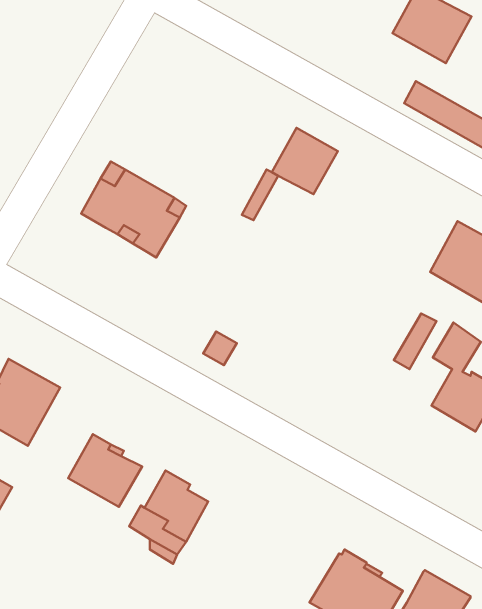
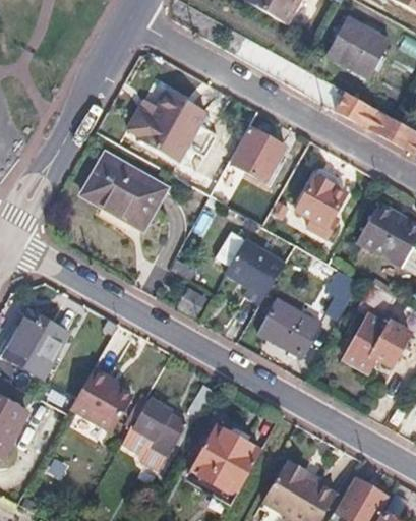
building: none -> [121,86,202,159]
building: none -> [294,177,343,228]
building: none -> [223,239,285,306]
building: none -> [258,298,322,357]
building: none -> [191,424,262,496]

